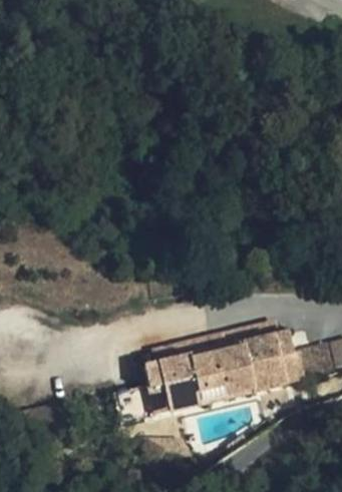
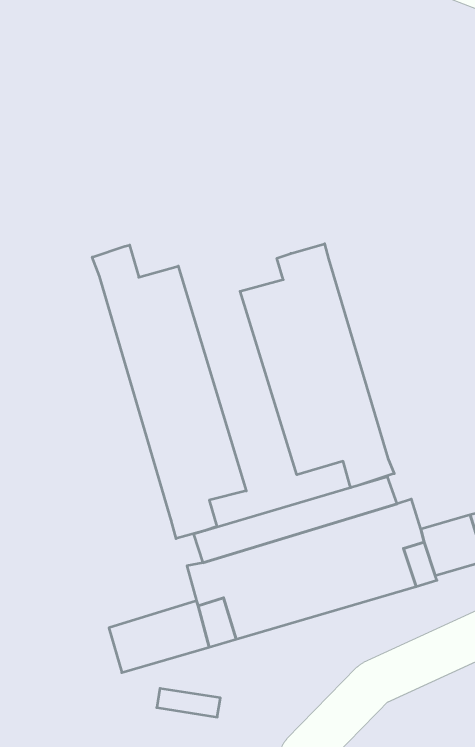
building: none -> [240,244,394,488]
building: none -> [92,245,246,539]

